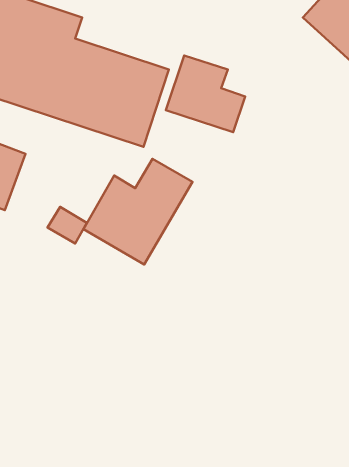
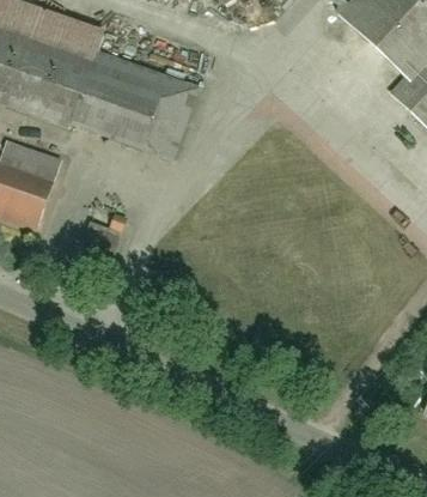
building: [166,55,245,132] -> none
building: [83,159,192,265] -> none

